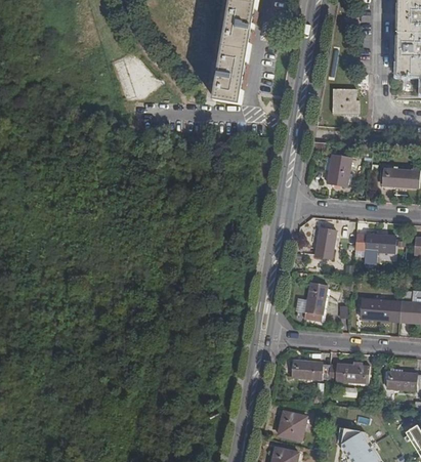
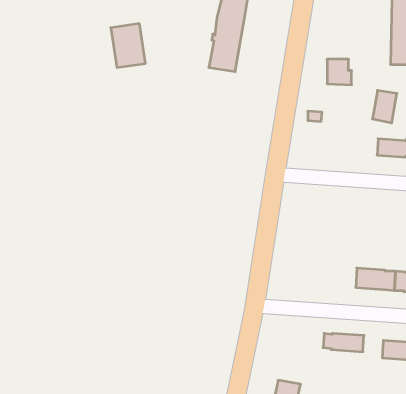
building: [327,154,351,186] -> [372,90,397,123]
building: [314,227,336,258] -> none
building: [355,234,395,253] -> none
building: [304,283,327,321] -> none
building: [292,360,329,379] -> none

